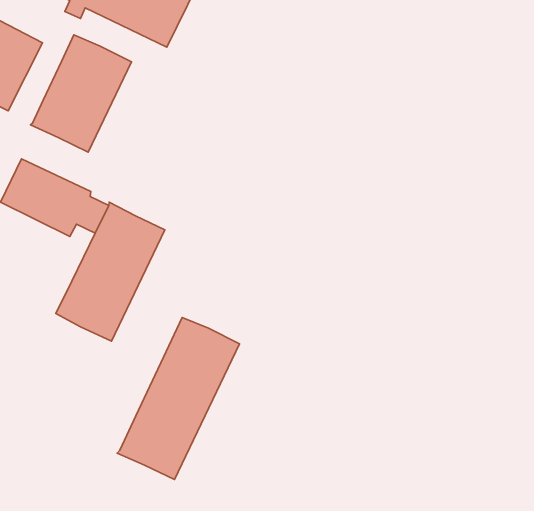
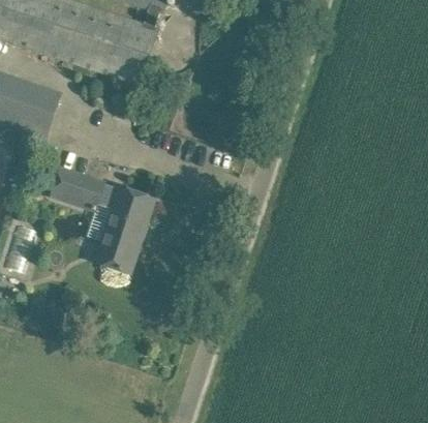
building: [31,35,132,152] -> none
building: [117,317,239,479] -> none

